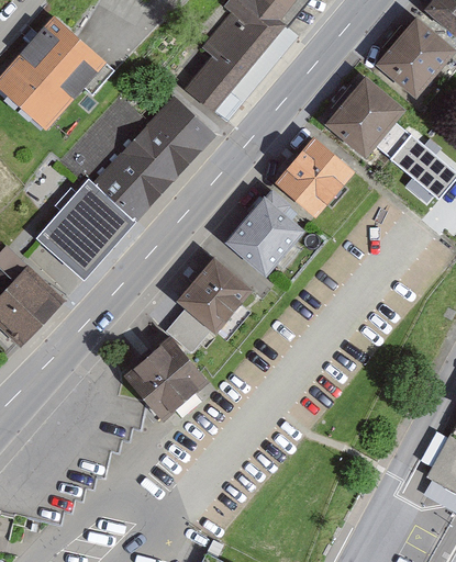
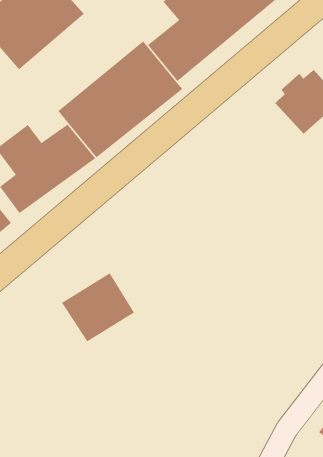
building: [277,133,355,214] -> none
building: [226,195,304,276] -> none
building: [175,254,253,334] -> none

